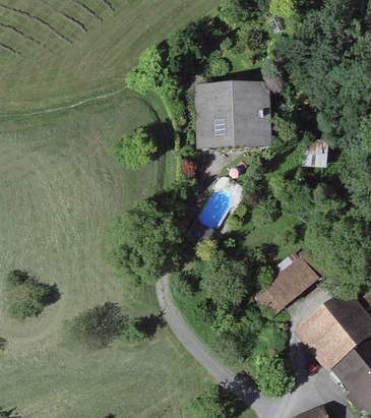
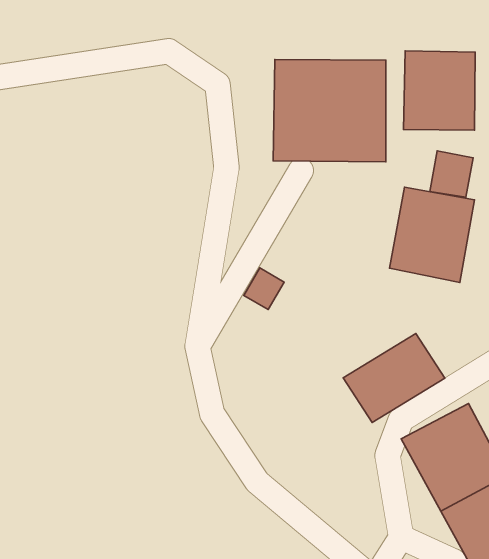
building: none -> [403,51,475,130]
building: none -> [389,187,475,282]

